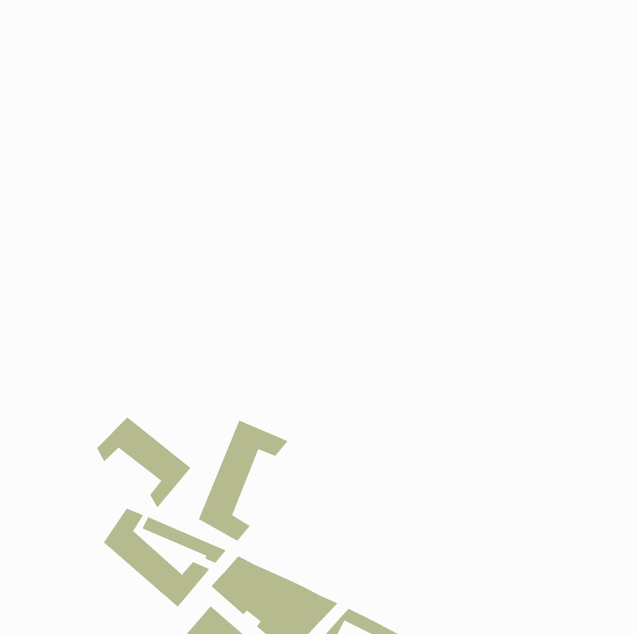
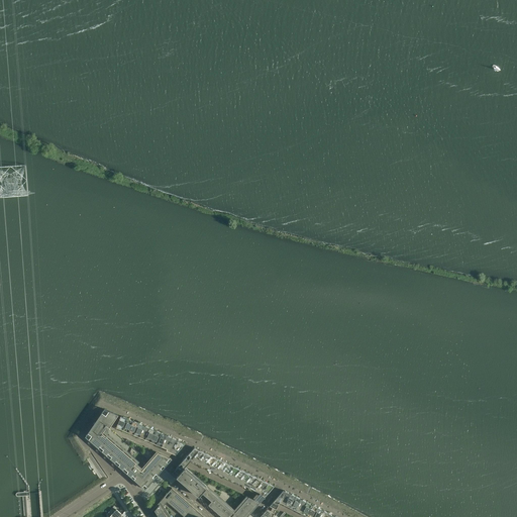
building: [96,416,191,509] -> none
building: [198,419,289,542] -> none

